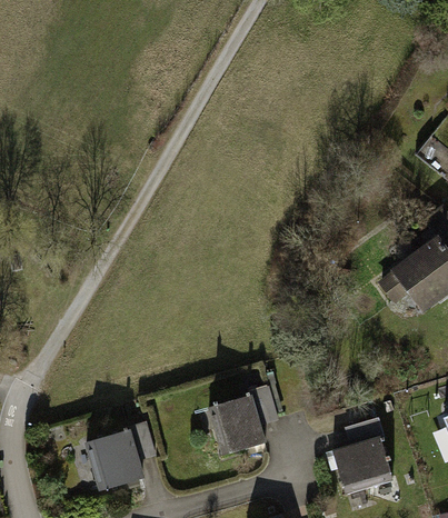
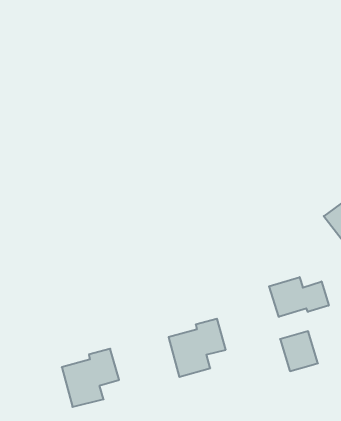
building: none -> [269,277,329,317]
building: [333,445,388,496] -> none

